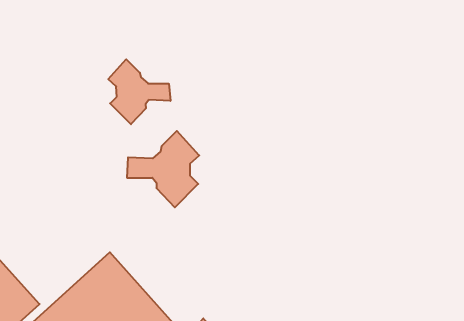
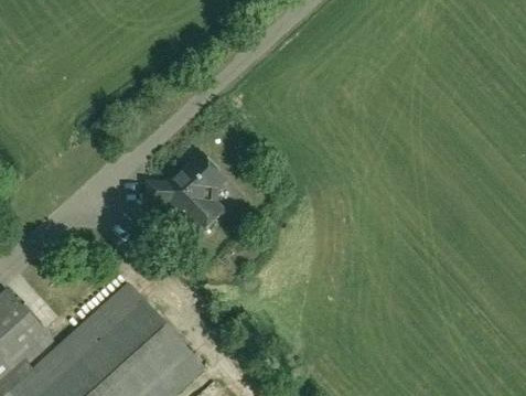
building: [108,59,170,124] -> none

